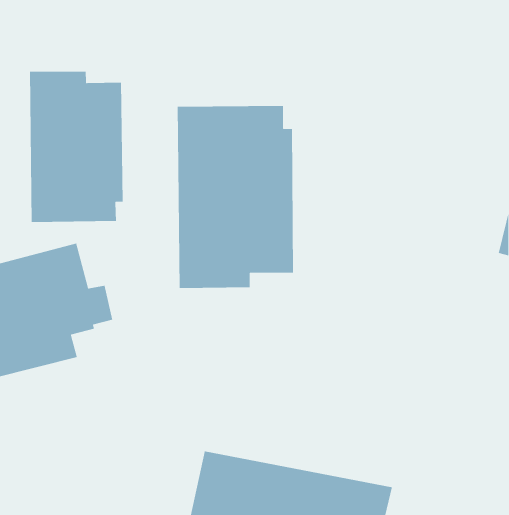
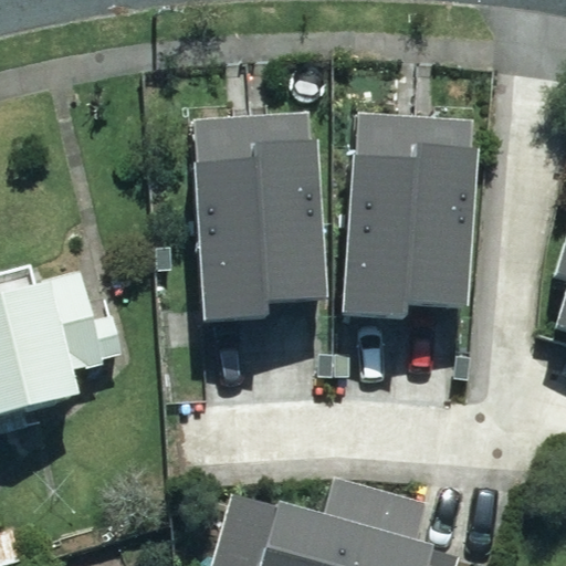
building: [29,71,124,223] -> none
building: none -> [347,115,479,314]

